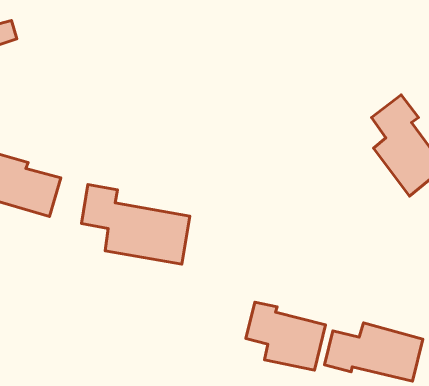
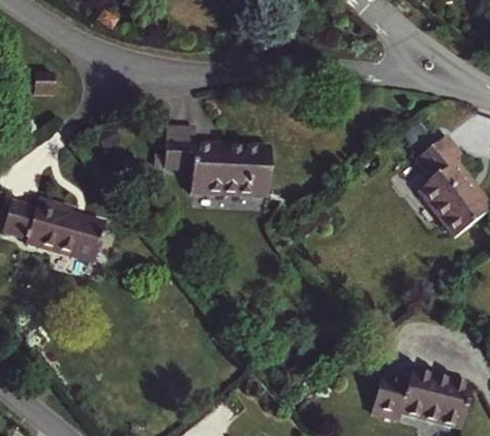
building: [82,185,190,264] -> [167,120,277,200]
building: [246,302,325,370] -> none

